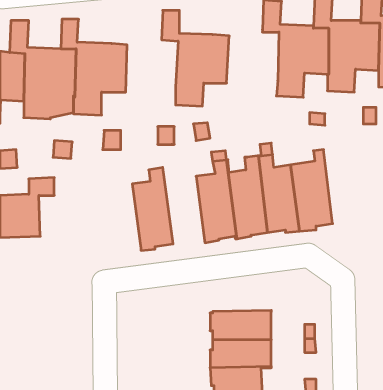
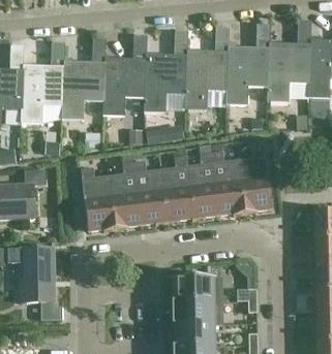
building: none -> [174,30,228,107]
building: none -> [92,37,146,115]
building: none -> [133,160,168,223]
building: none -> [81,166,116,229]
building: none -> [20,247,55,301]

